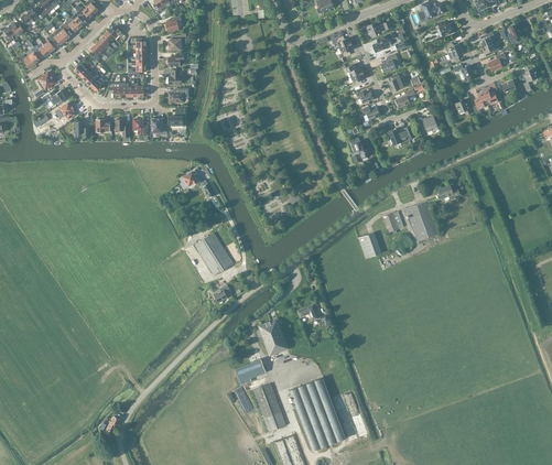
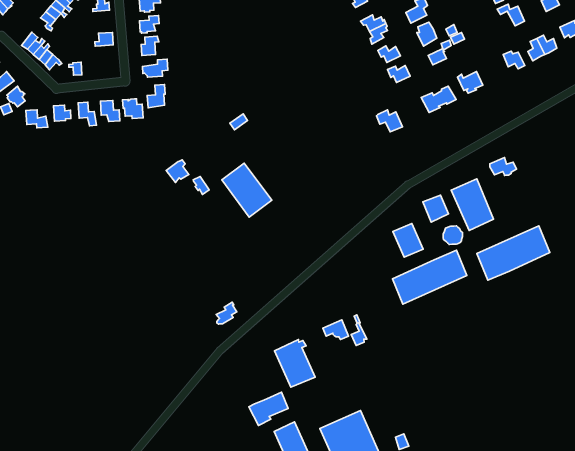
building: [195,231,234,274] -> [222,163,272,217]
building: none -> [477,226,550,280]
building: none -> [392,250,467,304]

